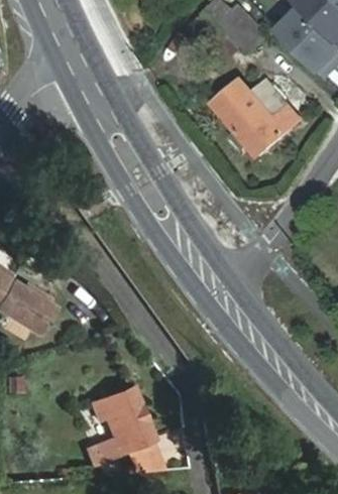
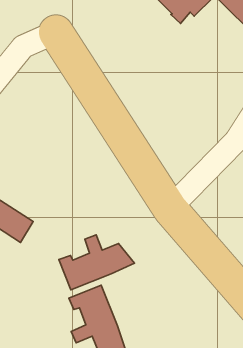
building: [215,81,302,156] -> none
building: none -> [59,235,134,290]

